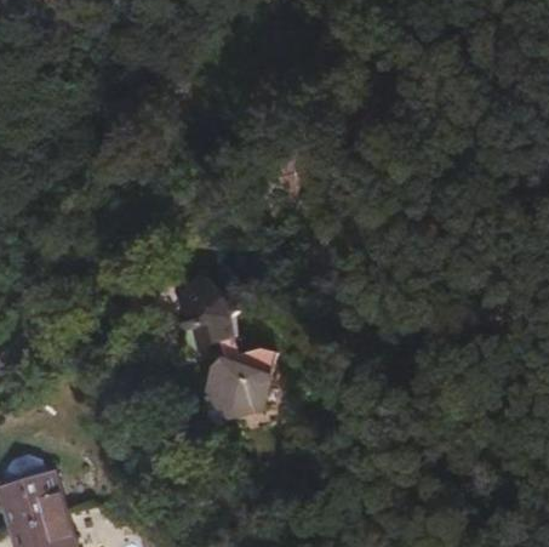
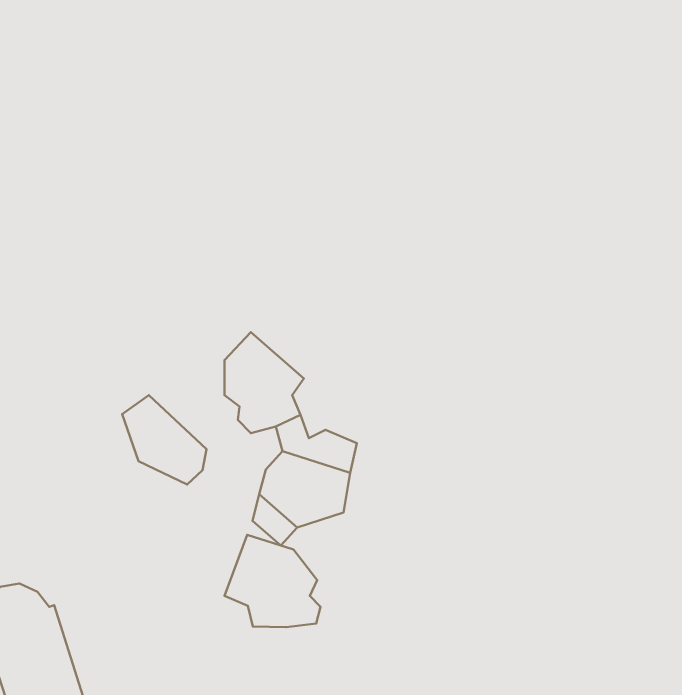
building: none -> [122,395,207,485]
building: none -> [225,535,321,627]

